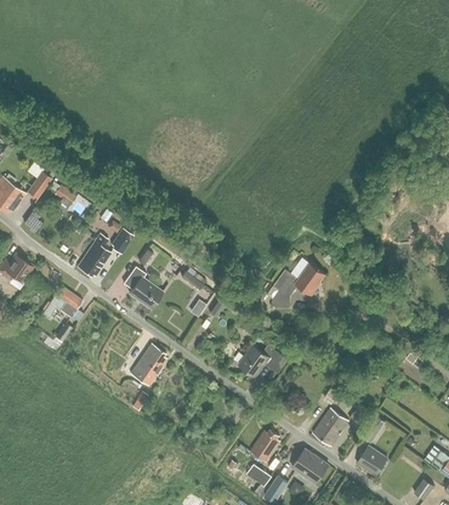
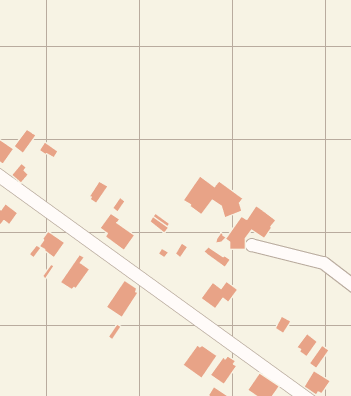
building: none -> [183,176,243,218]
building: [76,236,110,276] -> [60,254,90,290]
building: [313,409,347,442] -> none
building: none -> [183,345,217,379]

